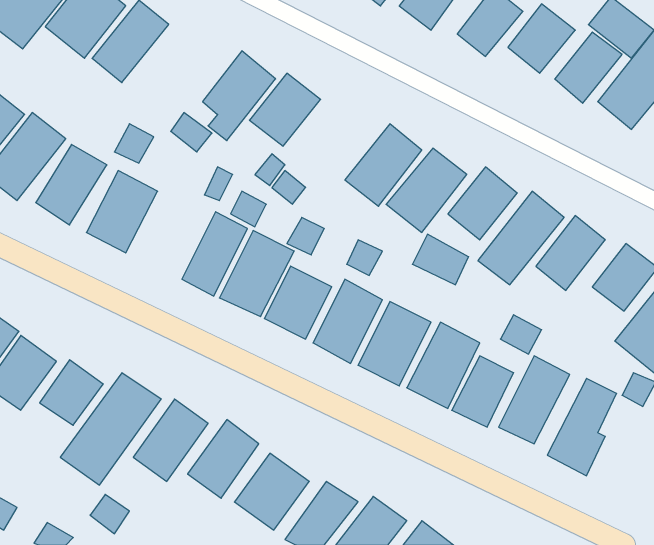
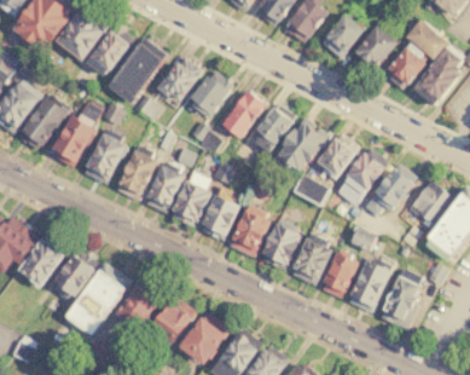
building: none -> [106,35,168,102]
building: none -> [221,88,267,137]
building: none -> [115,149,158,201]

